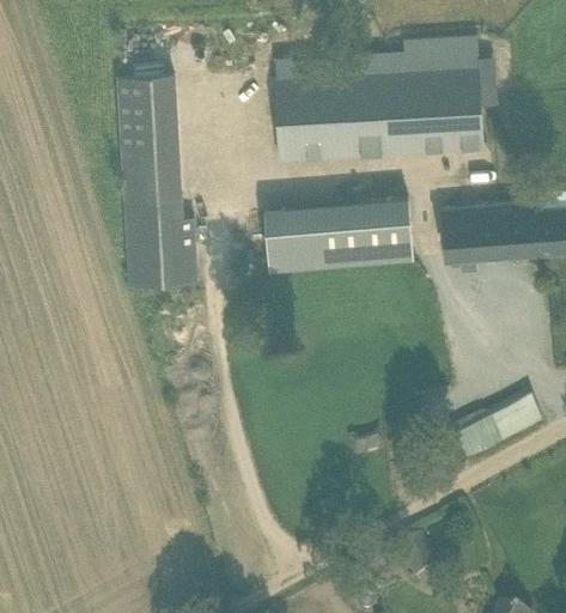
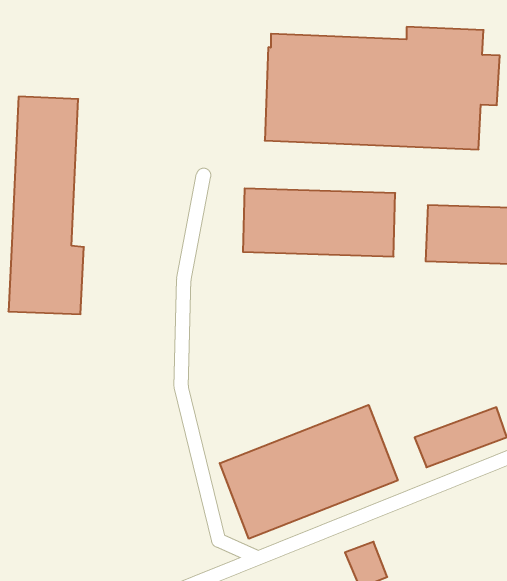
building: [116,77,197,287] -> [8,97,84,314]
building: none -> [220,405,398,539]

